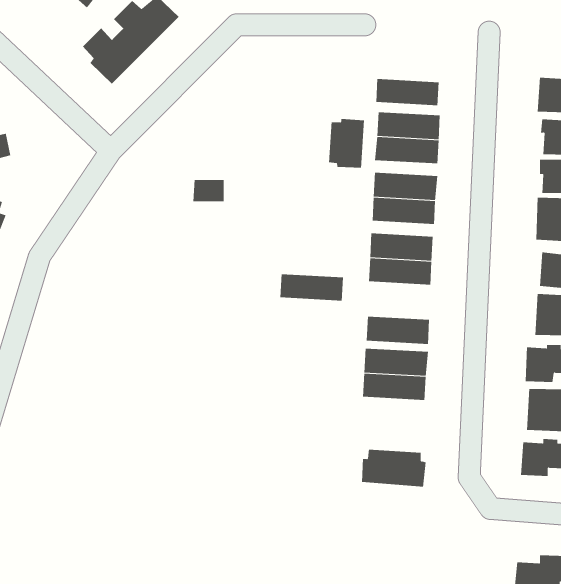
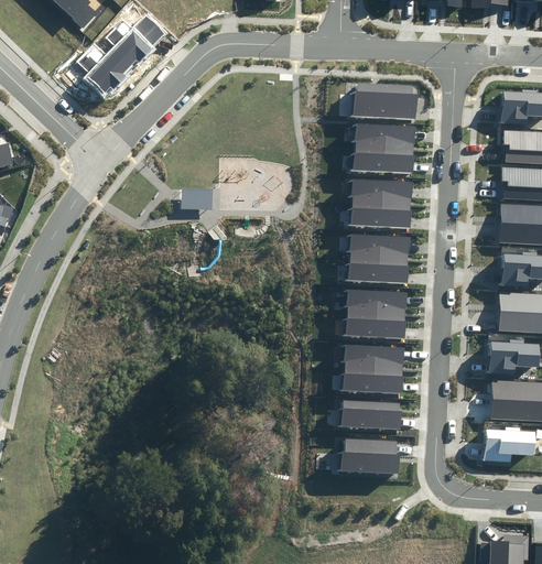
building: [328,118,364,168] -> none
building: [280,274,344,301] -> [344,291,403,316]
building: none -> [339,401,399,427]

